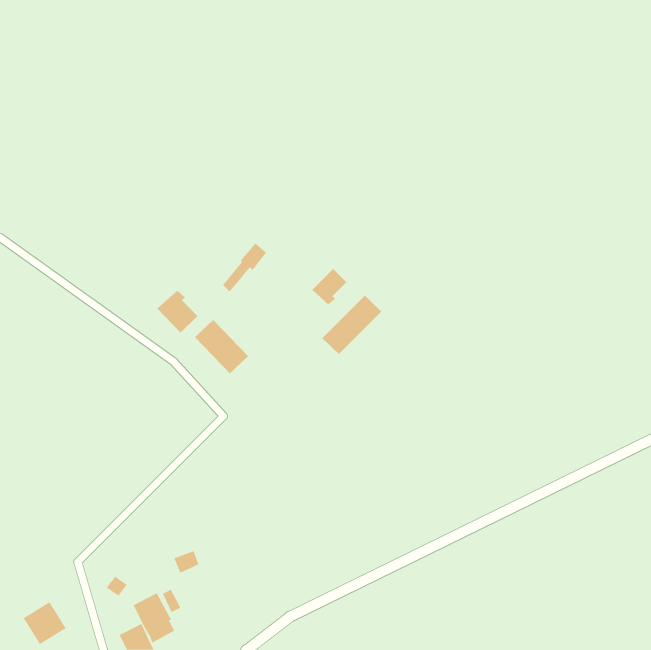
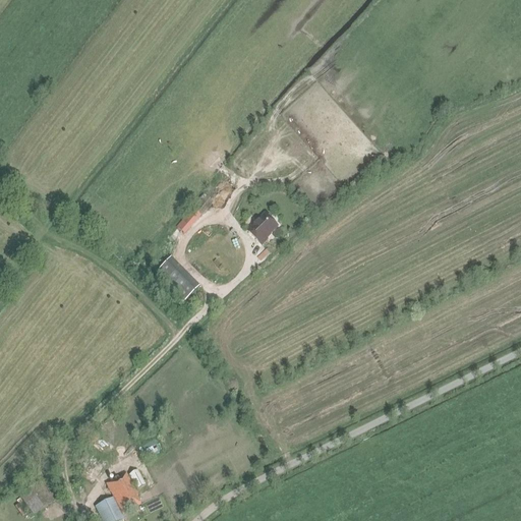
building: [157,290,198,333] -> none
building: [321,295,382,355] -> none

